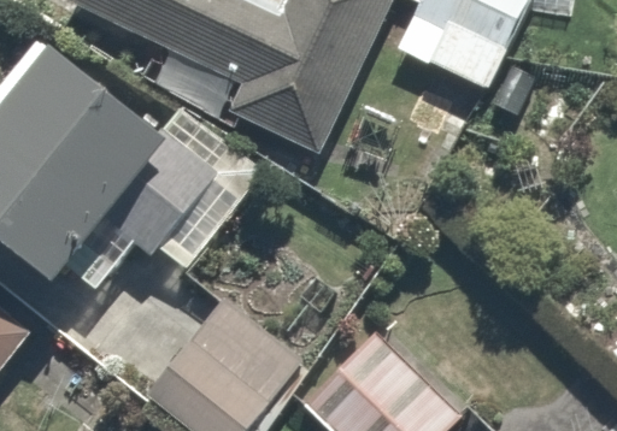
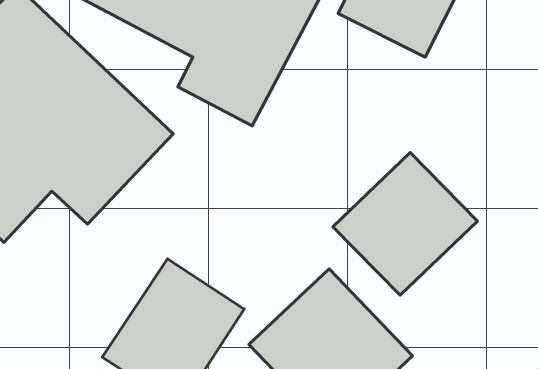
building: none -> [333,153,477,295]

